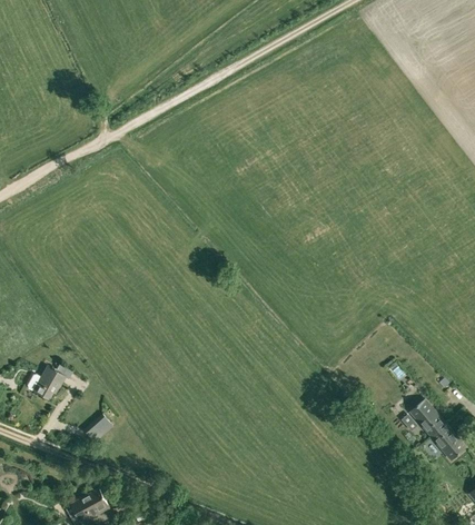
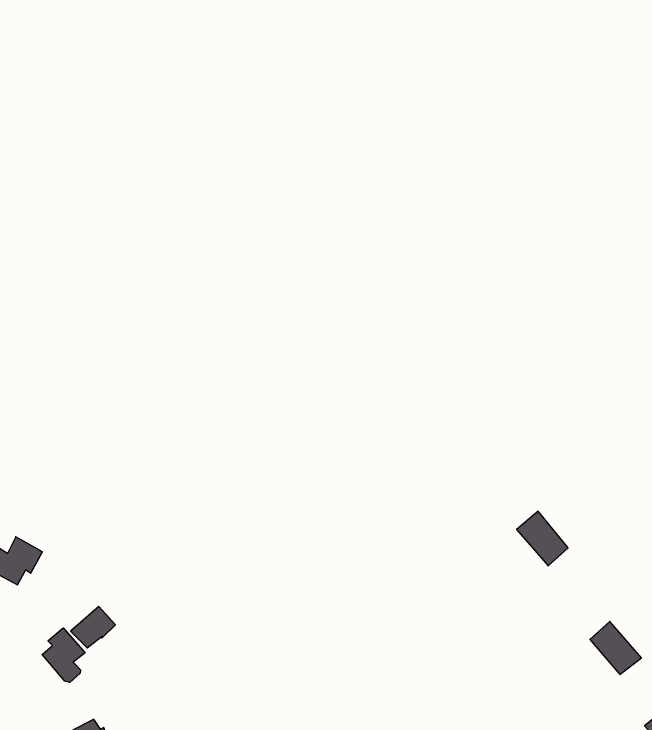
building: [410,399,445,436] -> [517,511,568,566]
building: none -> [42,628,85,682]

